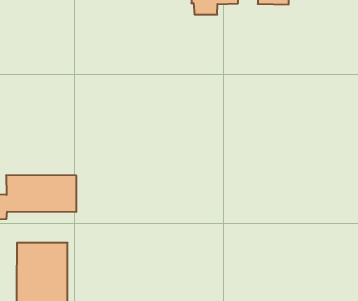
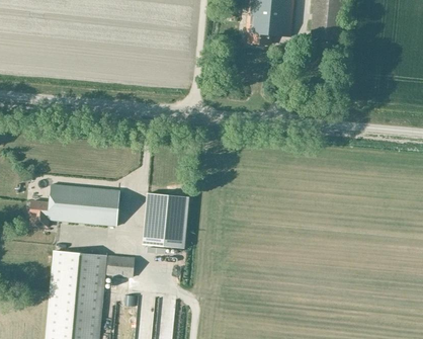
building: none -> [144,193,189,248]
building: none -> [106,255,136,277]

